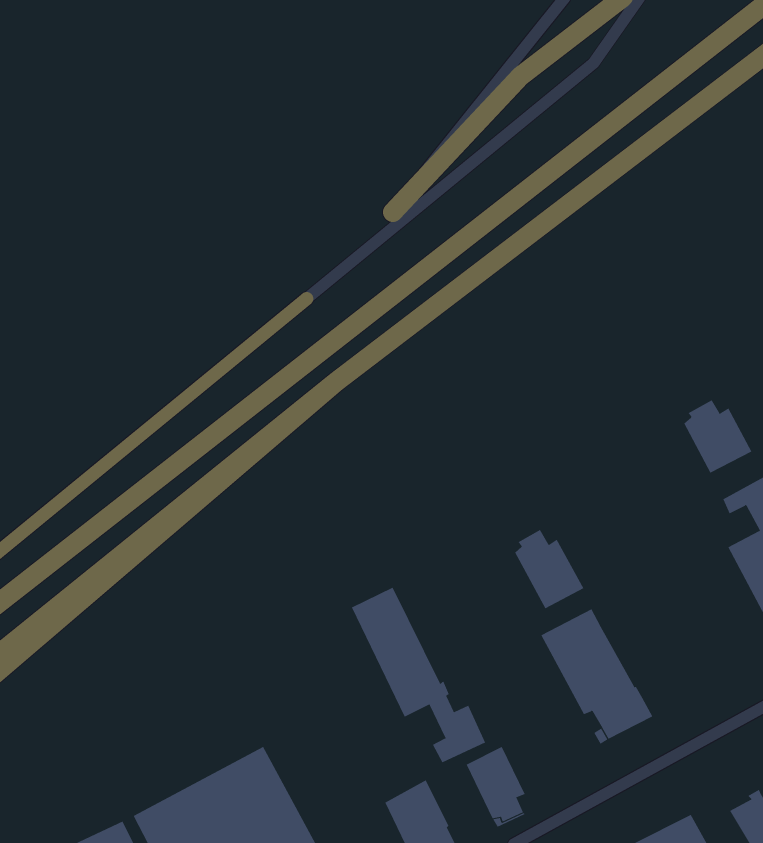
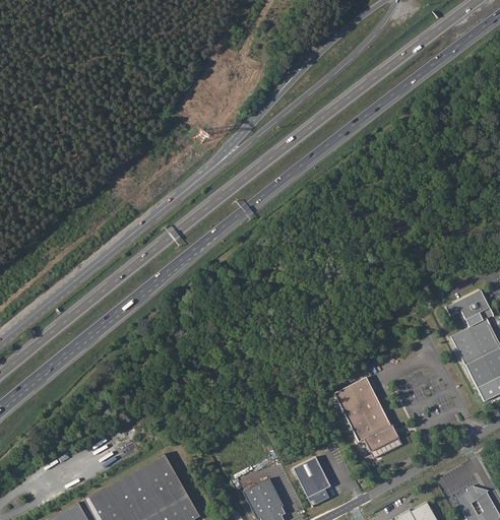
building: [683,400,752,474] -> none
building: [514,529,584,609] -> none
building: [351,587,486,763] -> none

